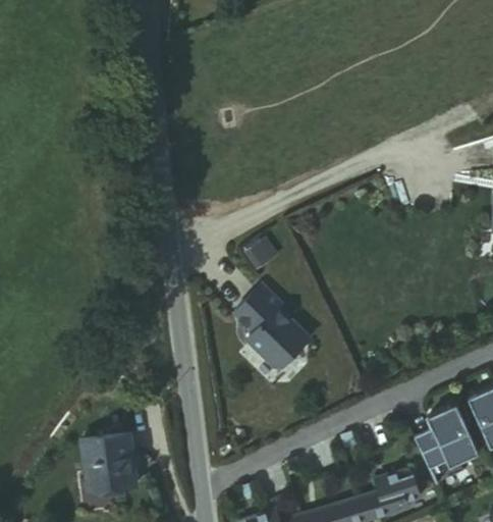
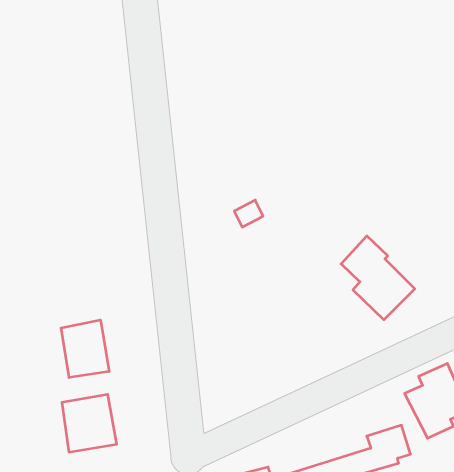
building: [236,288,312,373] -> [341,236,415,320]
building: none -> [61,320,109,378]

